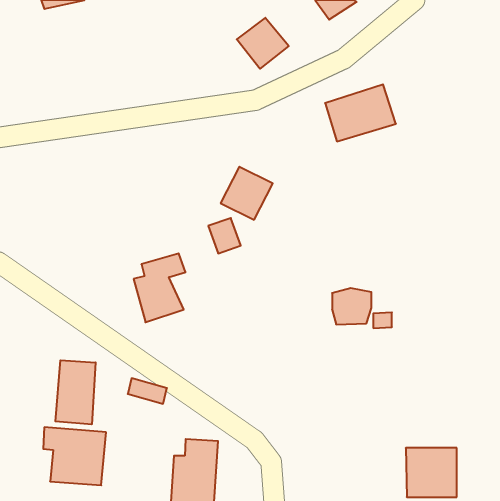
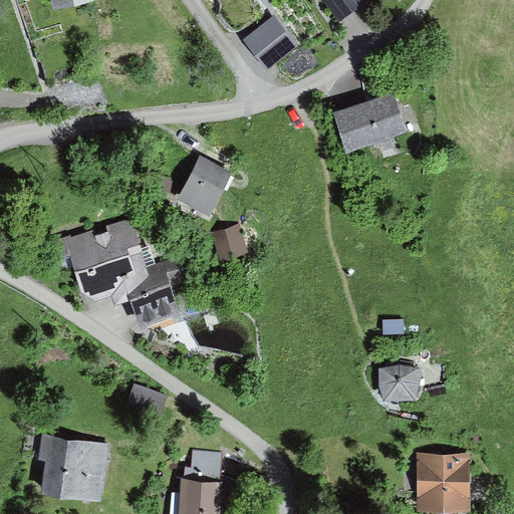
building: [221,167,273,220] -> [177,152,230,206]
building: none -> [77,226,148,299]
building: [332,288,371,324] -> [377,365,418,403]
building: [55,360,96,424] -> none

